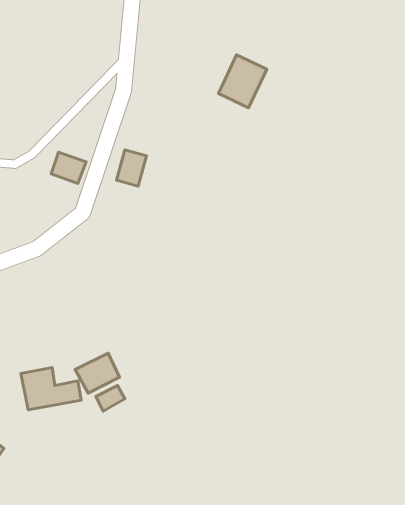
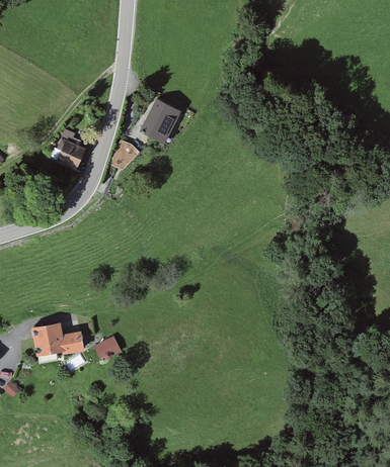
building: [218,55,267,108] -> [141,99,181,144]
building: [75,353,120,393] -> none

